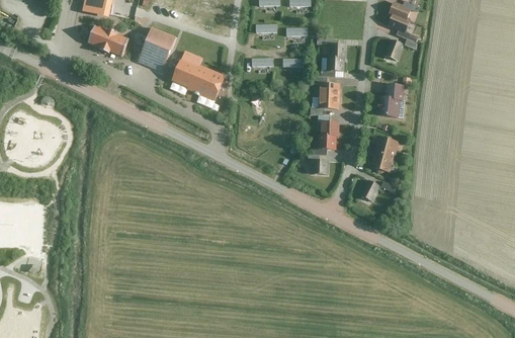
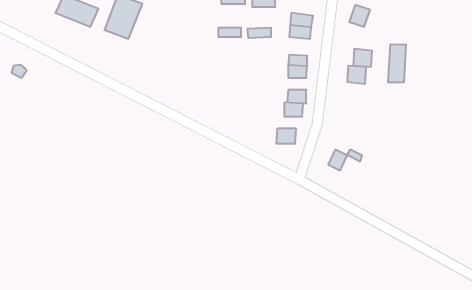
building: [171,54,227,103] -> none
building: none -> [388,44,406,82]
building: [373,136,400,172] -> none

